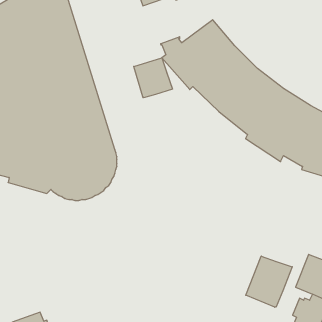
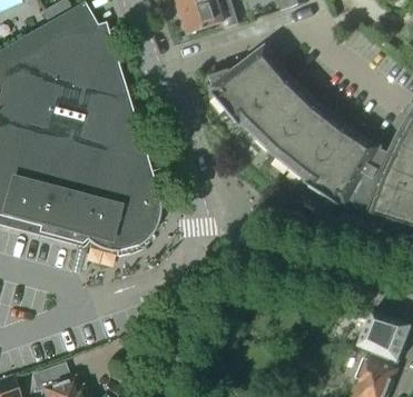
building: [134,58,173,98] -> none
building: [246,256,292,307] -> none

